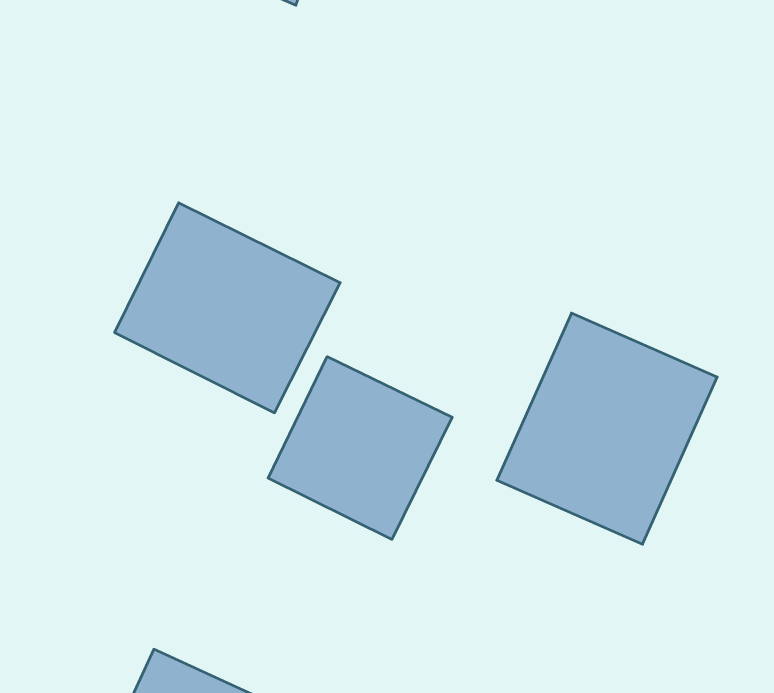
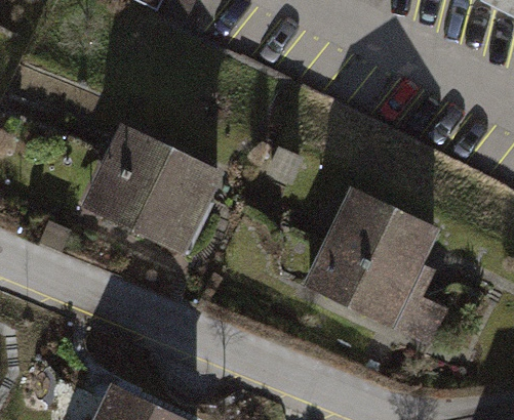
building: [268,357,452,539] -> none

